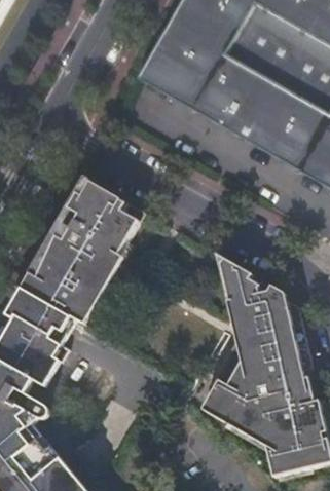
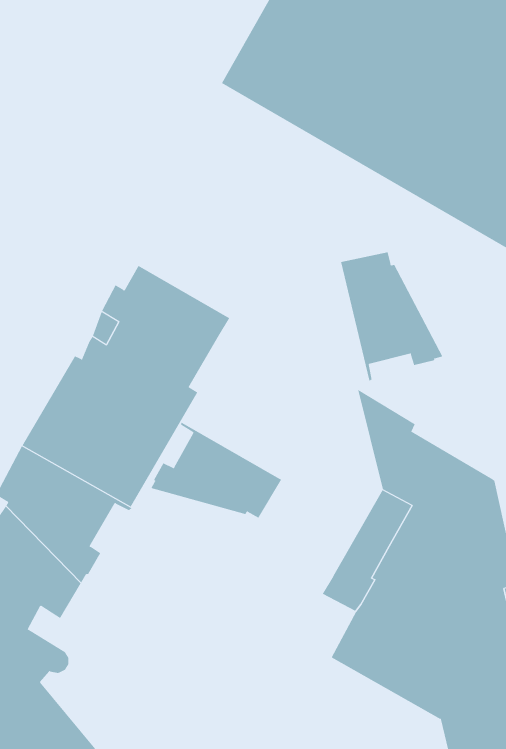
building: none -> [341,251,443,382]
building: none -> [151,421,282,518]

